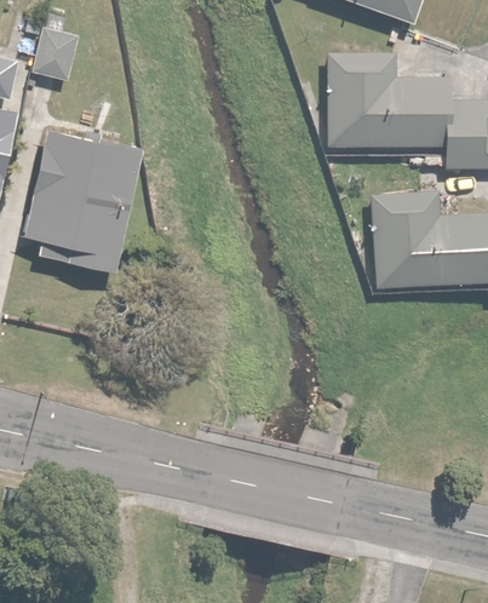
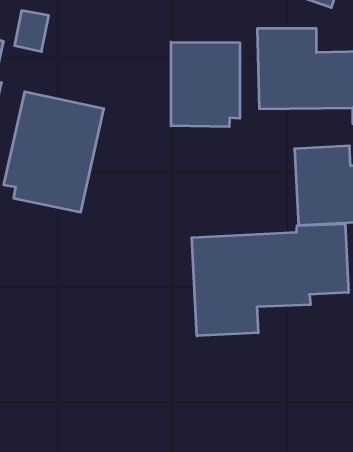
building: none -> [171,42,240,127]
building: none -> [192,224,348,336]

